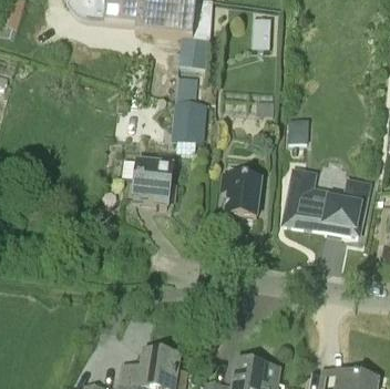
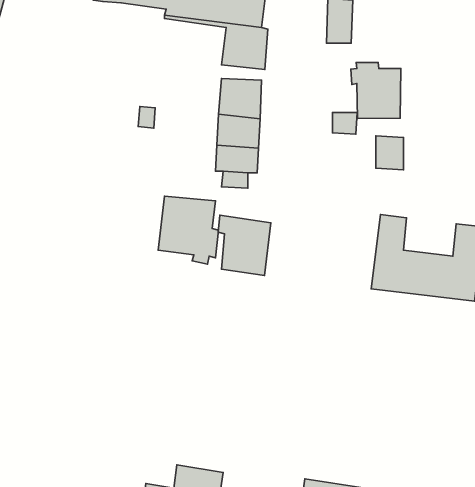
building: none -> [351,62,401,118]
building: [224,172,261,215] -> [218,215,271,275]

